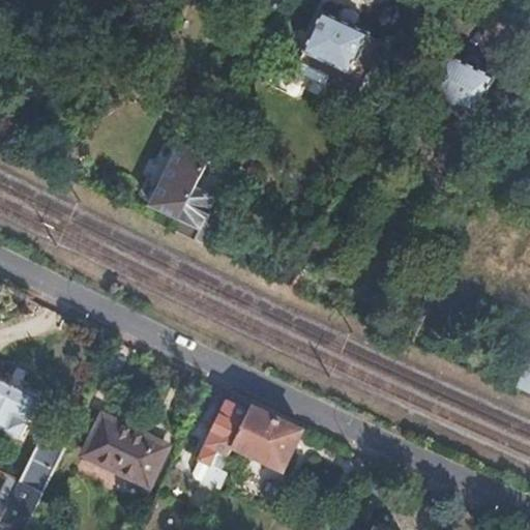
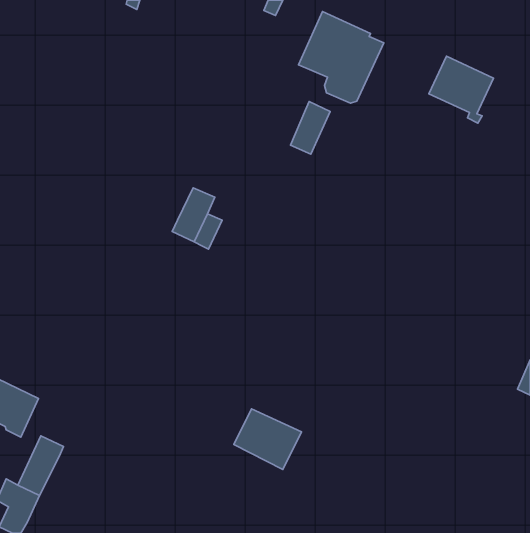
building: none -> [290,102,330,154]
building: [147,142,206,218] -> none
building: [198,395,249,468] -> none
building: [82,416,165,484] -> none

